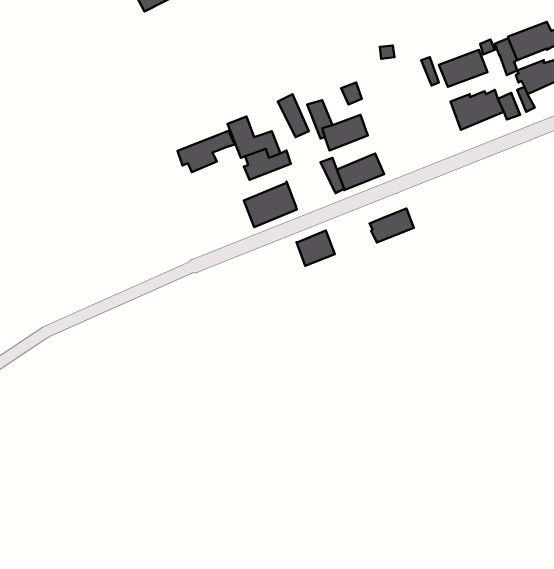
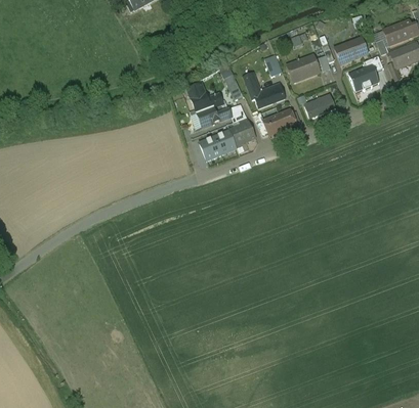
building: none -> [287,54,320,82]
building: [178,131,235,172] -> none
building: [370,209,414,243] -> [304,94,335,118]
building: [296,230,335,266] -> [228,121,255,145]

